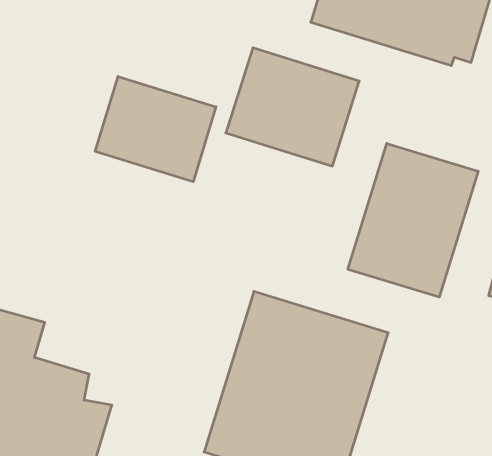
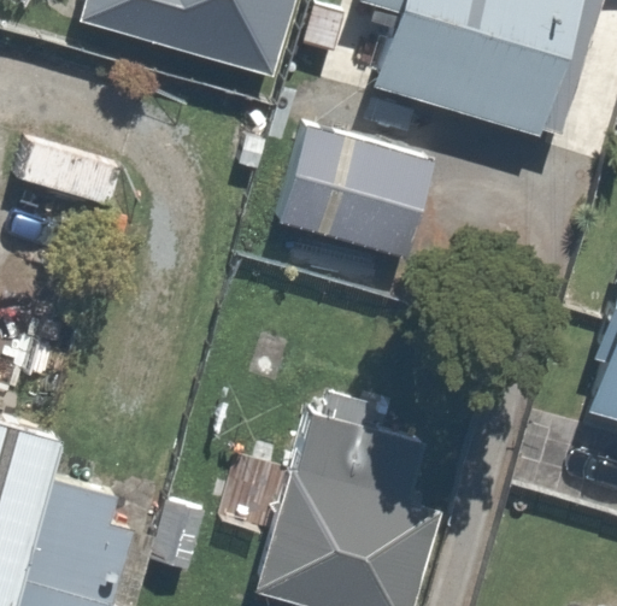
building: [95,76,216,182] -> none
building: [348,143,478,297] -> none

